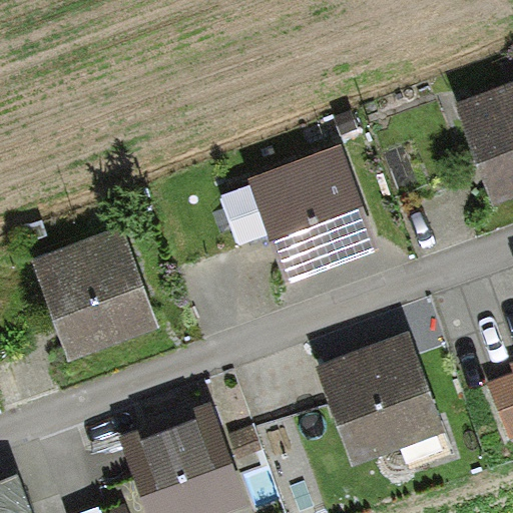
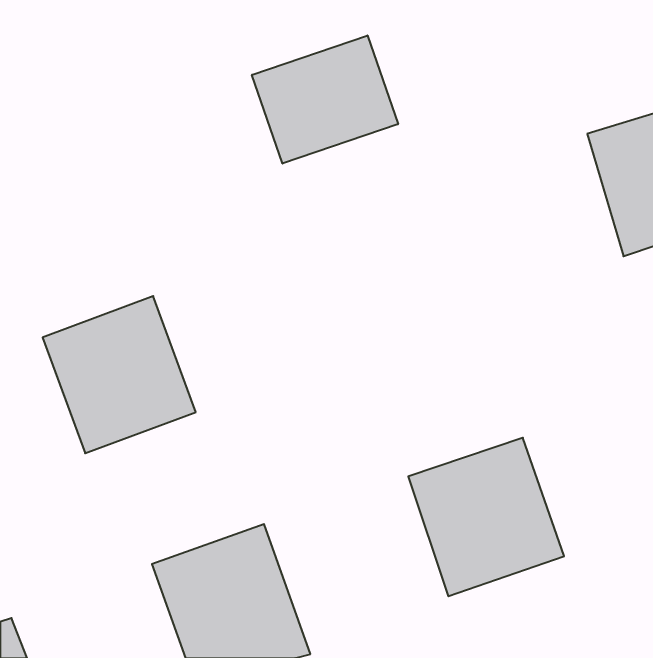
building: none -> [252,35,398,164]
building: [219,160,367,270] -> none

